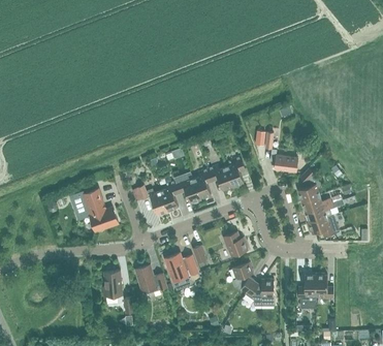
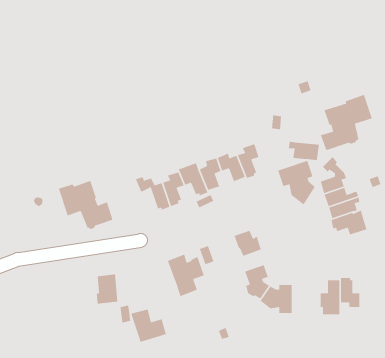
building: none -> [320,94,373,151]
building: none -> [277,160,316,205]
building: [135,265,167,295] -> [130,309,167,343]

